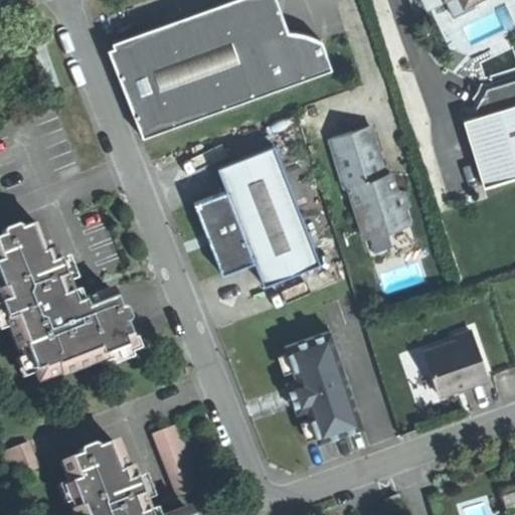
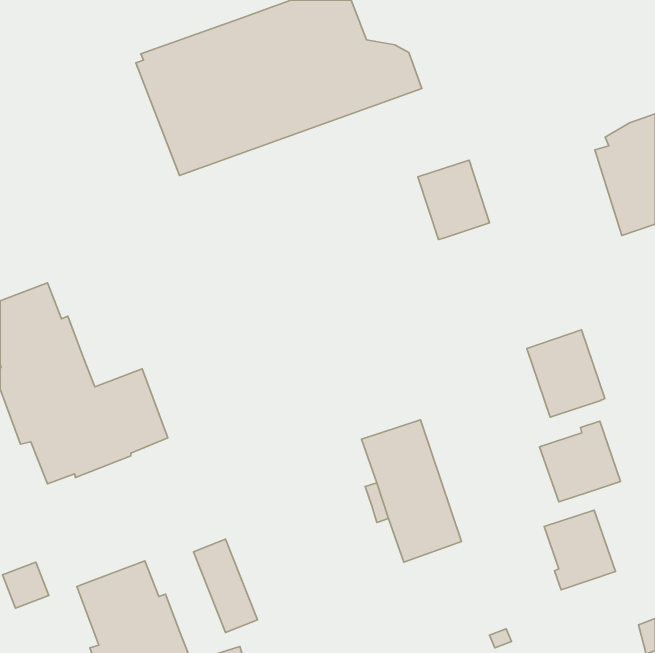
building: [193,145,320,286] -> none
building: [348,174,408,238] -> none
building: none -> [527,330,605,417]
building: none -> [544,510,615,590]

